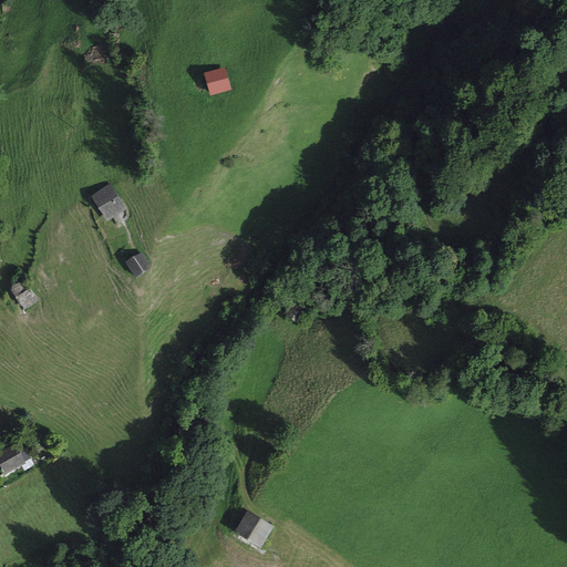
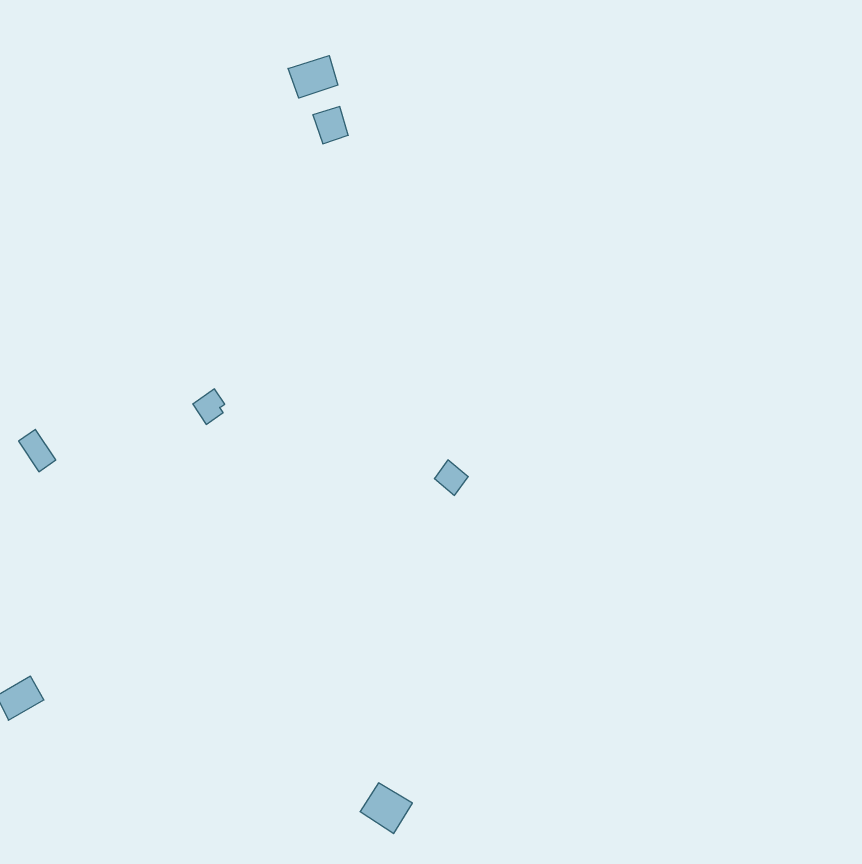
building: none -> [288,56,338,98]
building: [92,185,124,219] -> none

